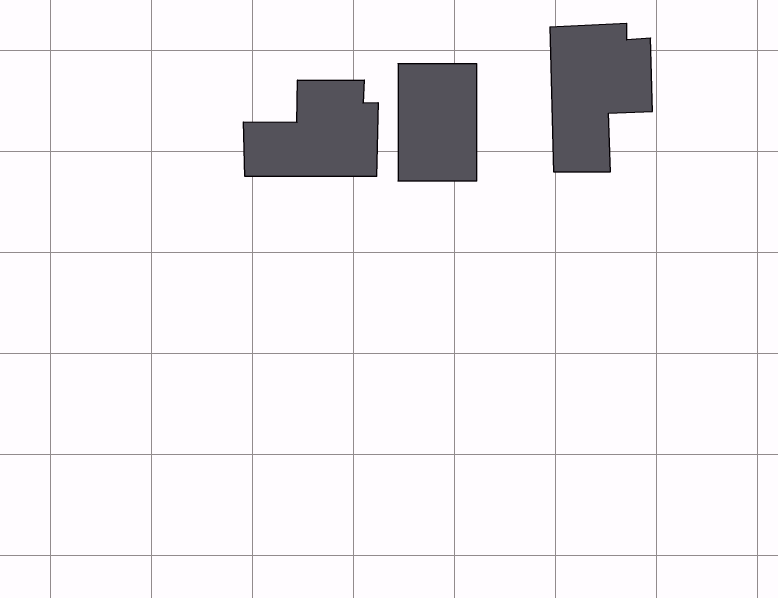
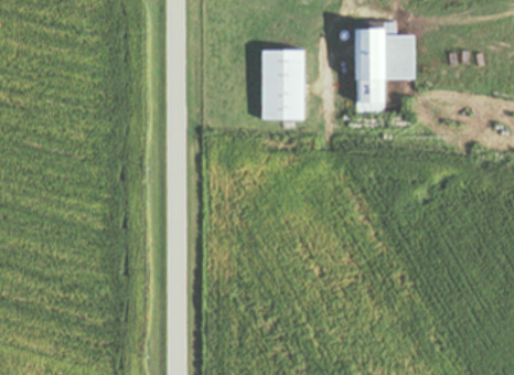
building: [244,80,378,176] -> none

